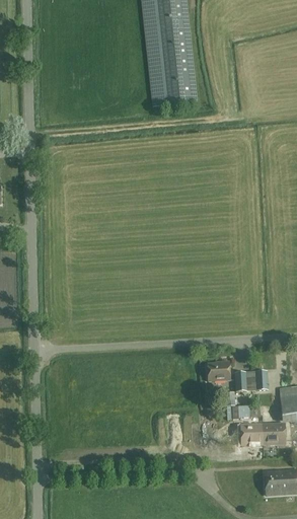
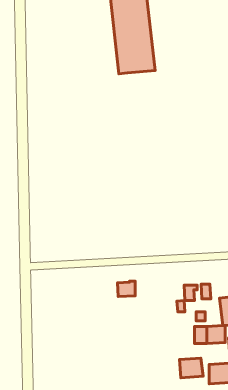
building: [207,361,229,380] -> [117,281,135,297]
building: none -> [179,358,203,378]

